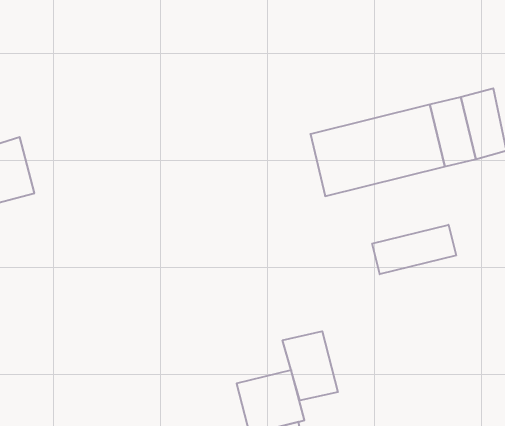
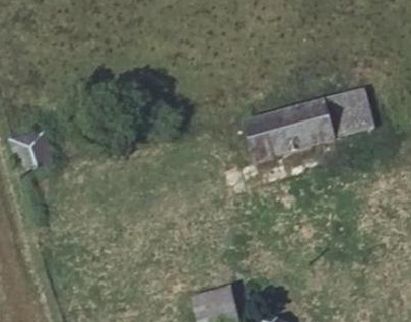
building: [372,225,456,274] -> none
building: [283,331,338,400] -> none

